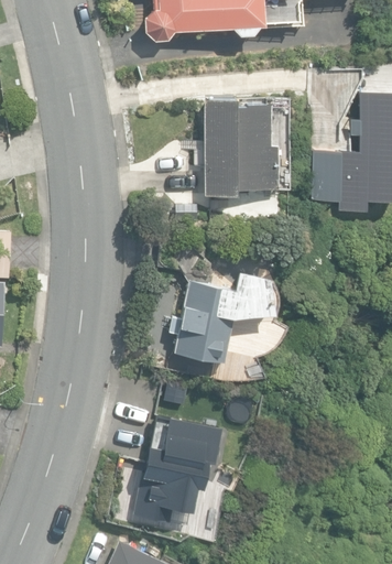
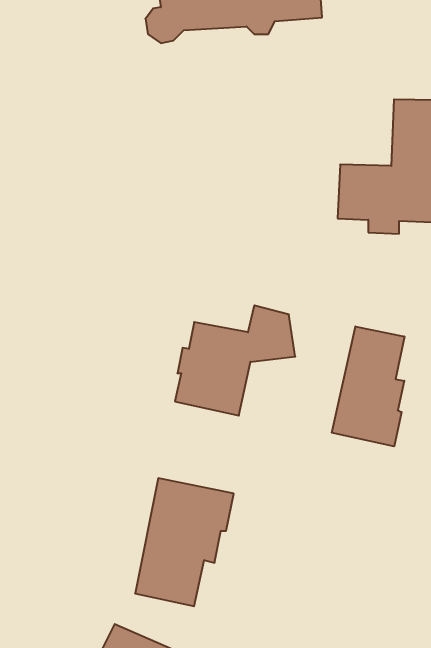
building: [205,100,277,197] -> none
building: none -> [332,326,404,446]

